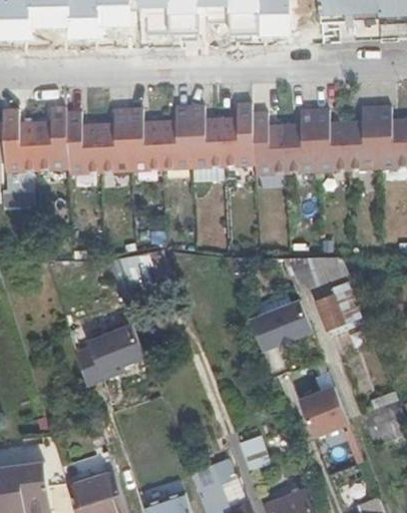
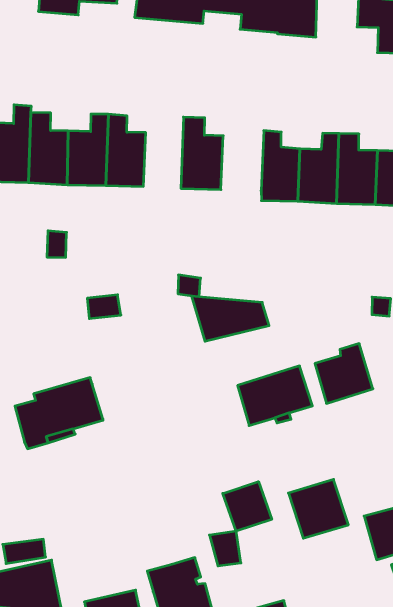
building: [222,104,256,163] -> none
building: [159,108,191,166] -> none
building: [282,252,346,288] -> [191,296,269,341]
building: none -> [223,482,272,531]

